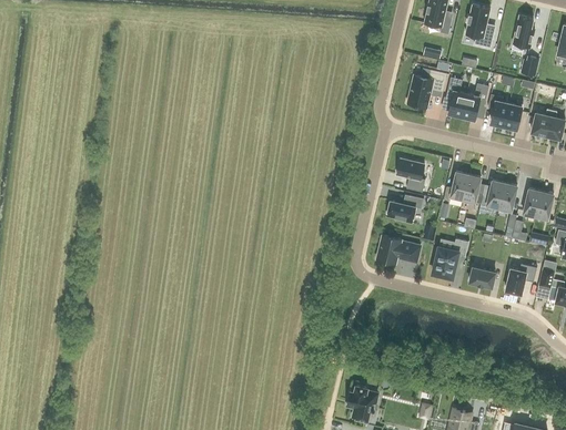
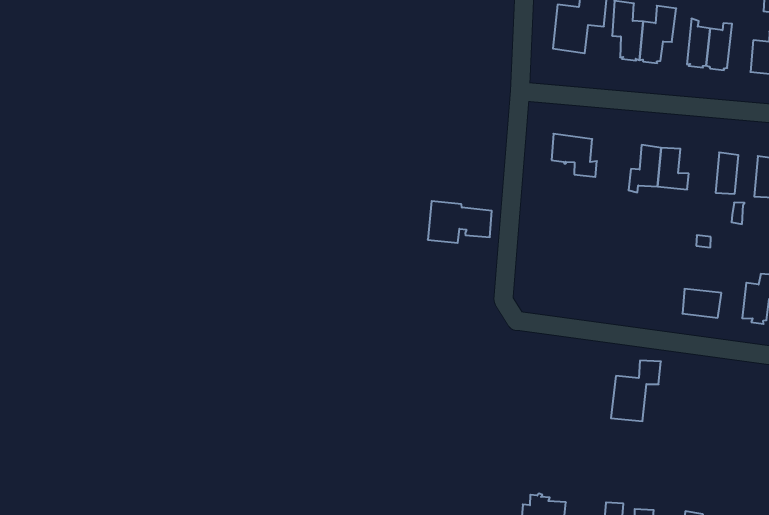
building: [478,181,504,214] -> none
building: [386,197,422,225] -> none
building: [376,235,420,264] -> [428,201,492,243]
building: [432,239,468,278] -> [611,361,661,421]

